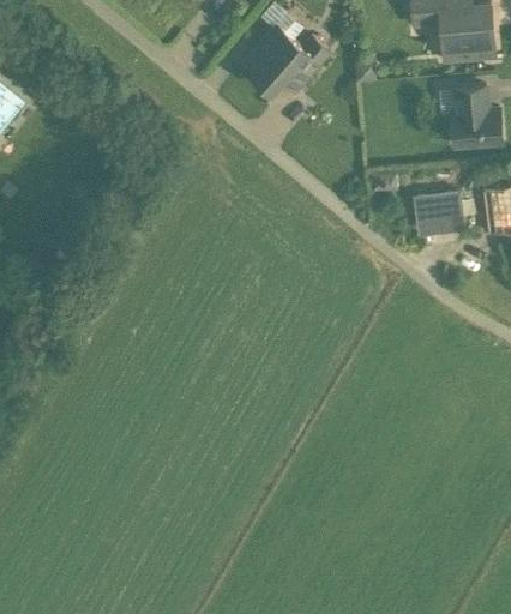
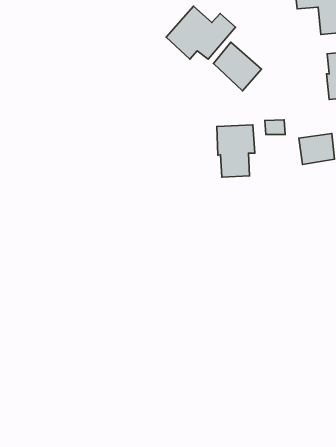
building: none -> [213,42,262,91]
building: none -> [217,125,255,177]

